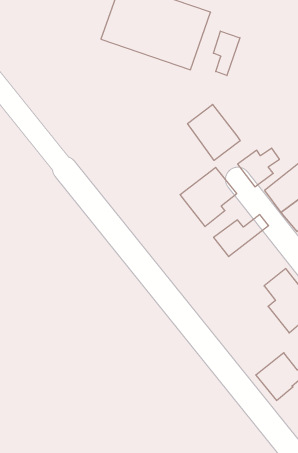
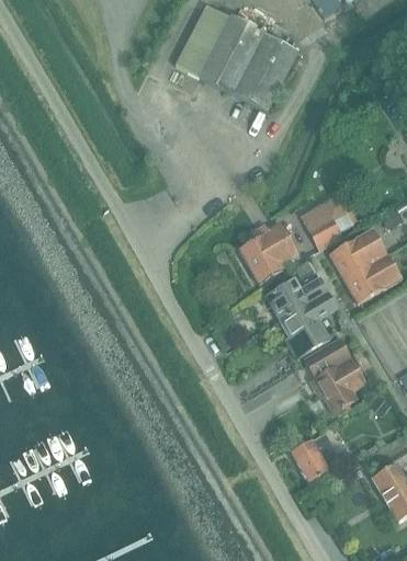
building: [213,31,240,76] -> none
building: [188,104,240,160] -> none
building: none -> [280,291,338,357]

